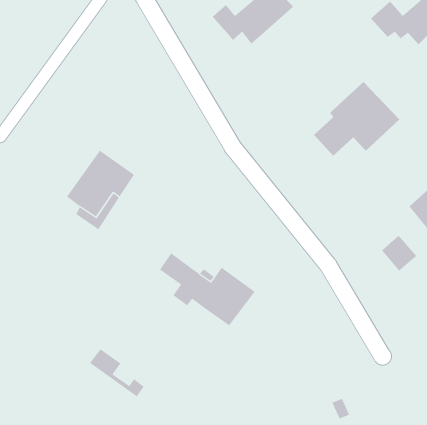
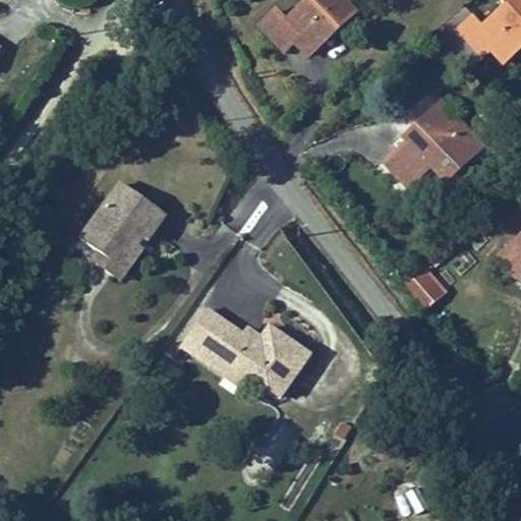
building: [381,235,417,272] -> [406,265,450,309]
building: [89,348,145,397] -> [181,328,248,387]

